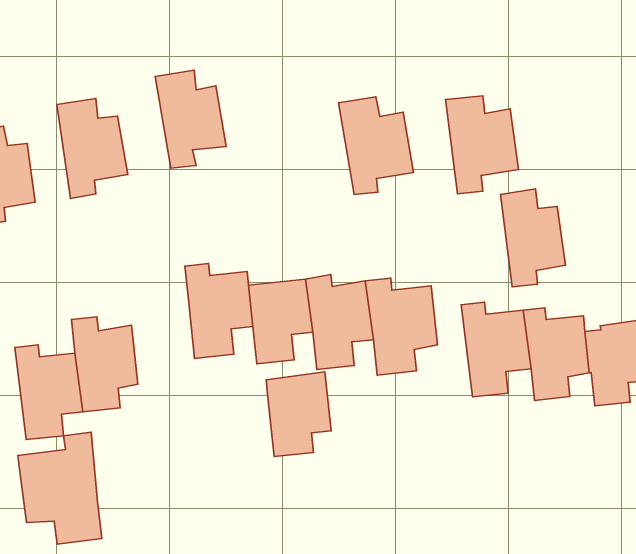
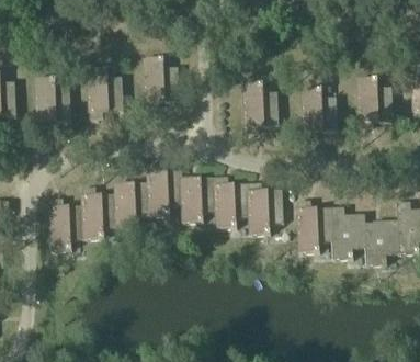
building: [500,189,565,287] -> [357,76,389,128]
building: [266,372,331,457] -> [115,182,148,226]
building: [18,432,102,544] -> none

